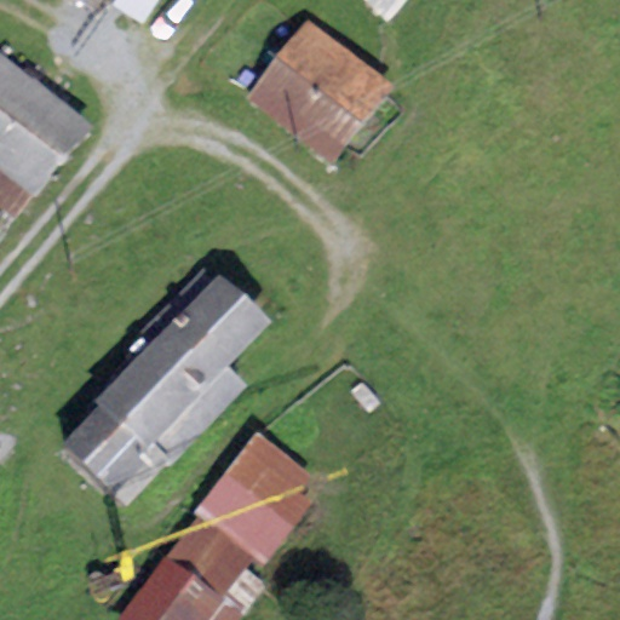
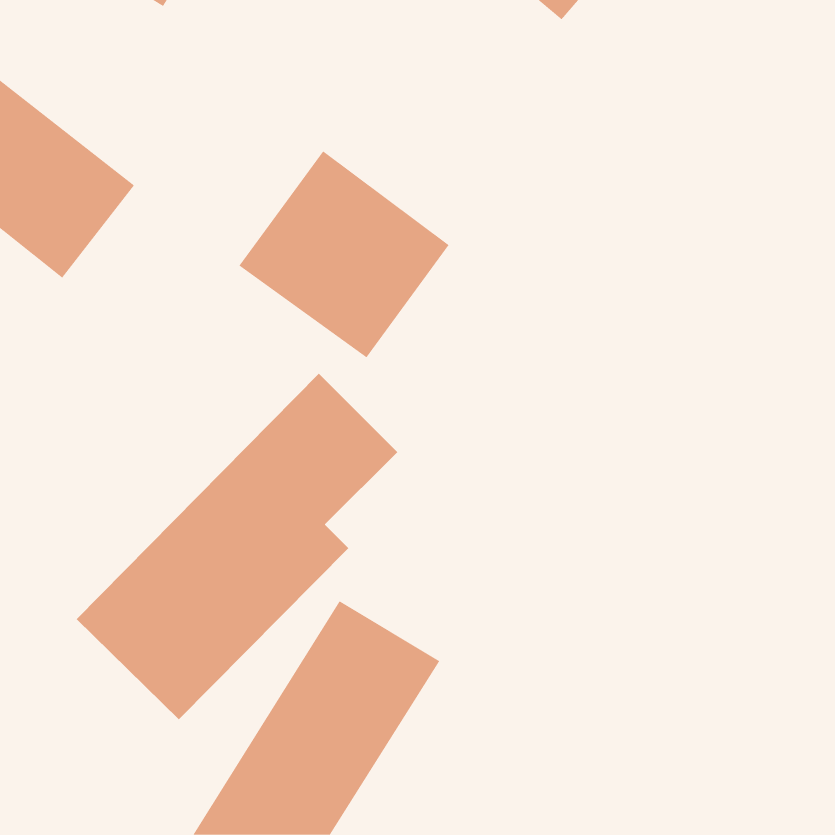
building: [245,23,396,172] -> [239,151,449,358]

